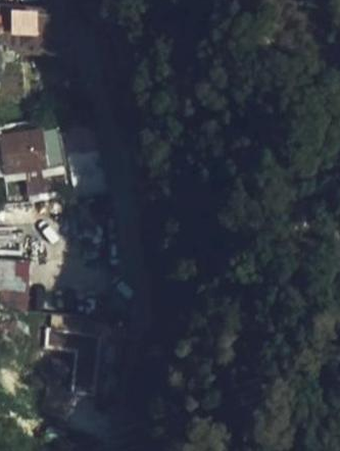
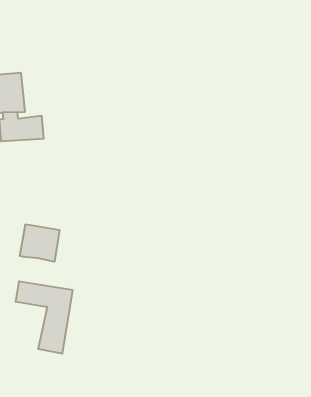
building: none -> [20,224,59,262]

